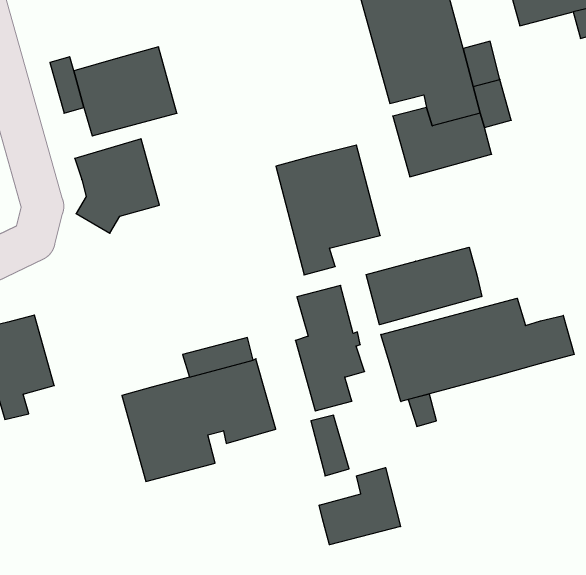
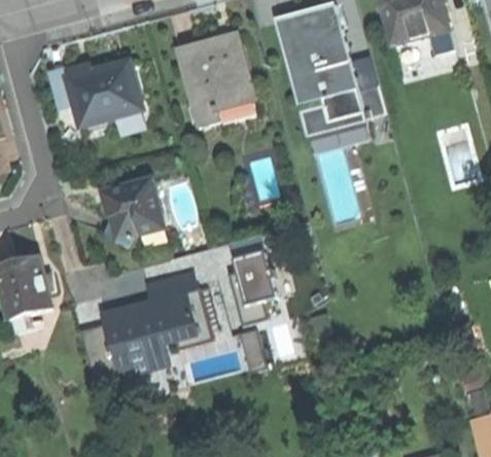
building: [75,139,159,233] -> [103,176,165,245]
building: [276,145,380,275] -> [177,31,253,126]
building: [366,247,482,325] -> none
building: [381,298,574,402] -> none
building: [319,468,401,545] -> none

